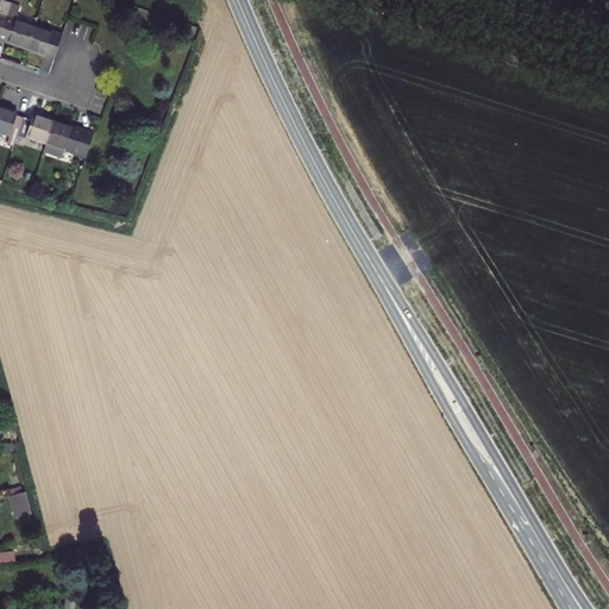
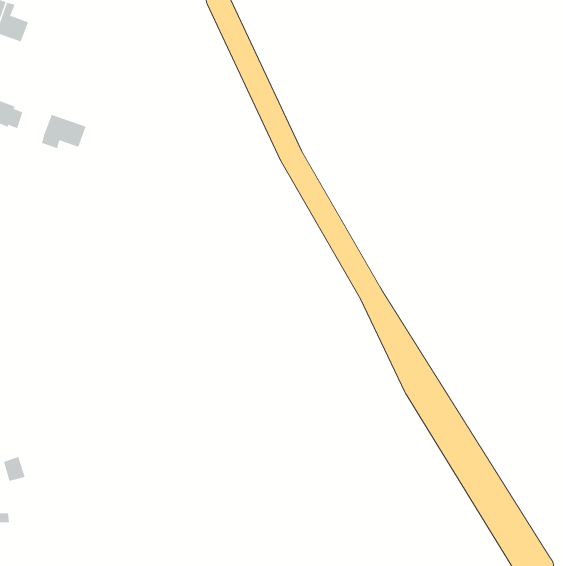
building: [23,24,61,56] -> none
building: [19,115,55,145] -> none

